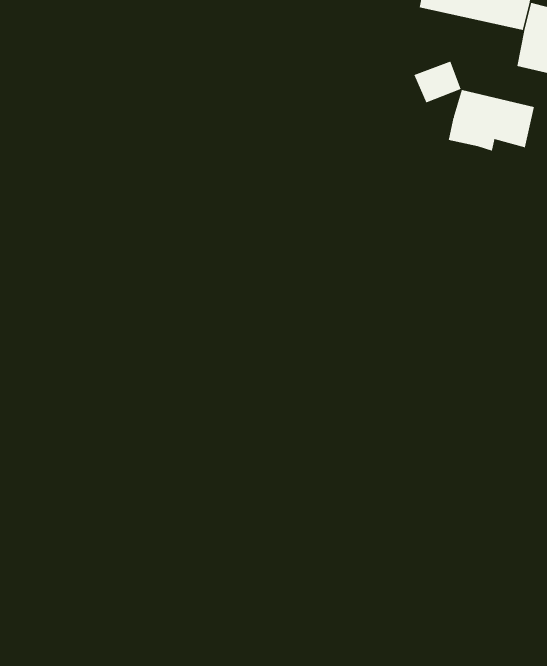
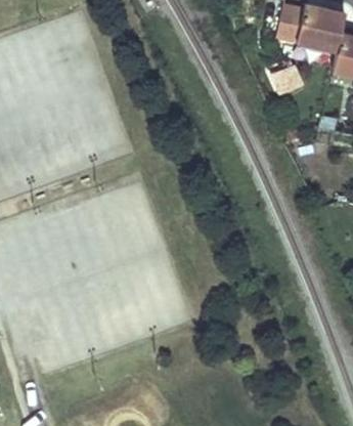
building: [448,89,535,152] -> none

